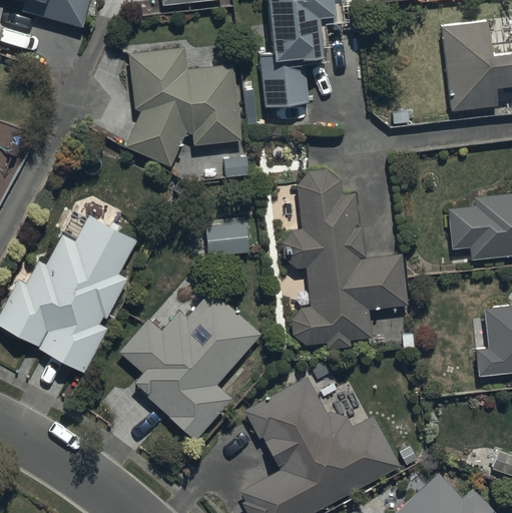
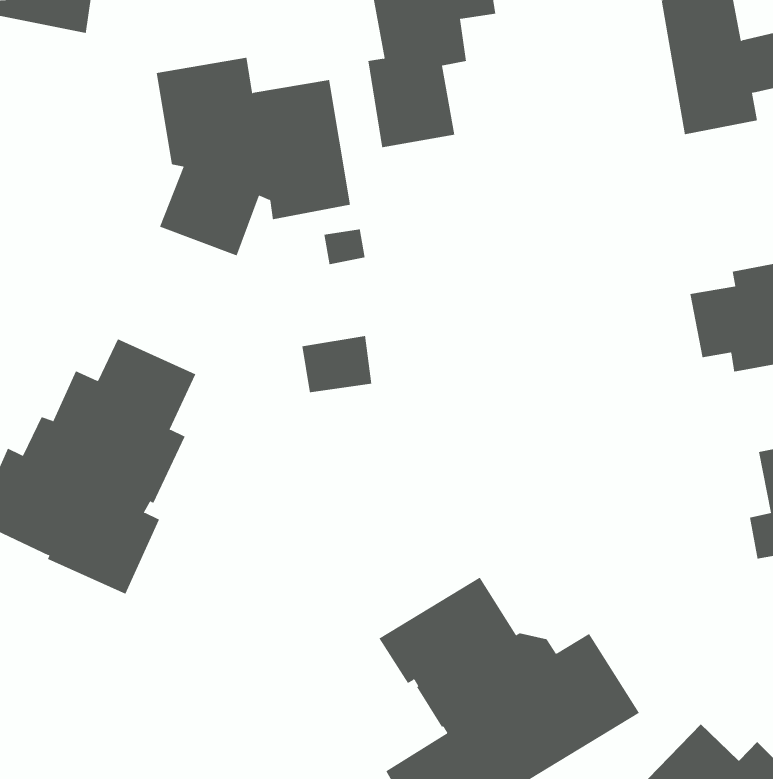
building: [282,169,408,349] -> none
building: [115,289,264,440] -> none

